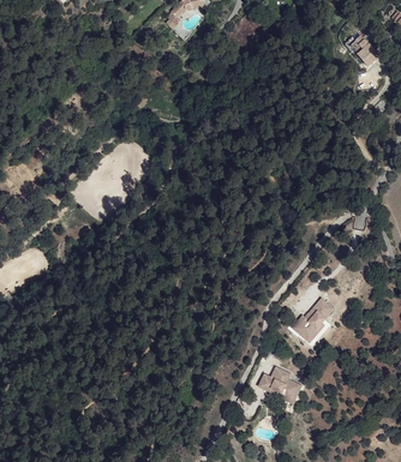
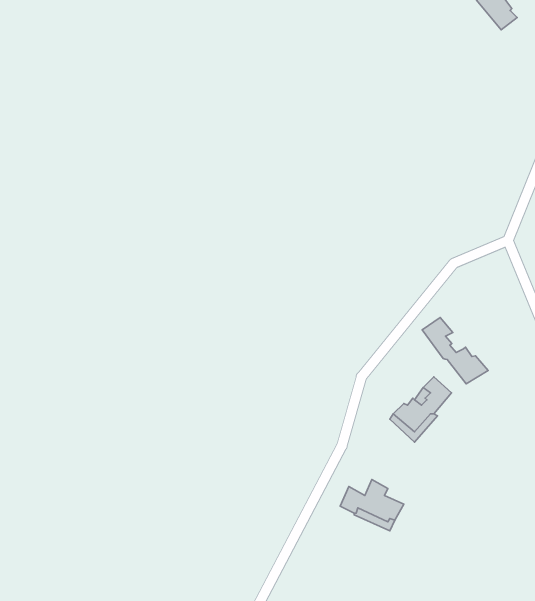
building: none -> [422,318,488,384]

